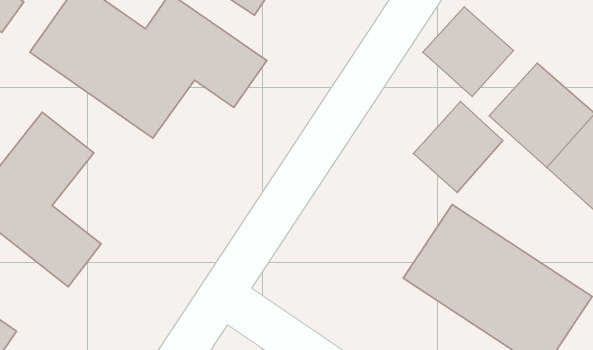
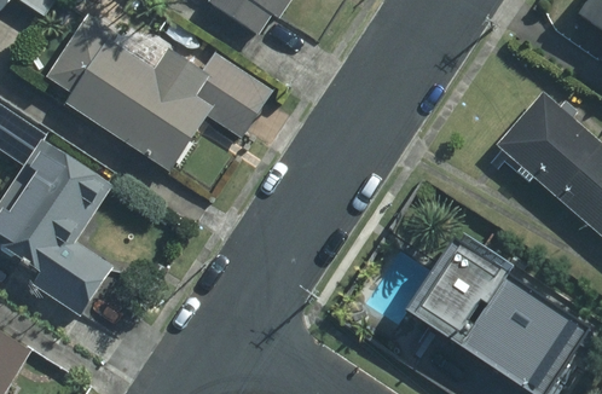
building: [423,7,513,96] -> none
building: [414,101,503,192] -> none

